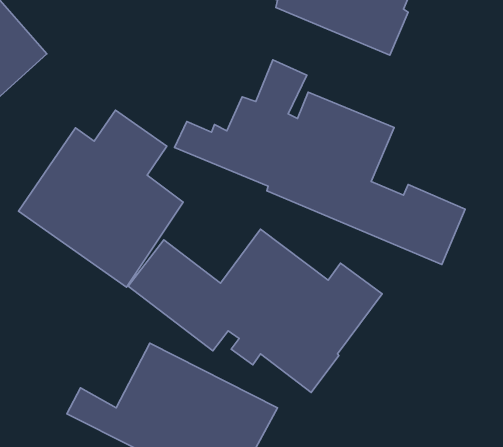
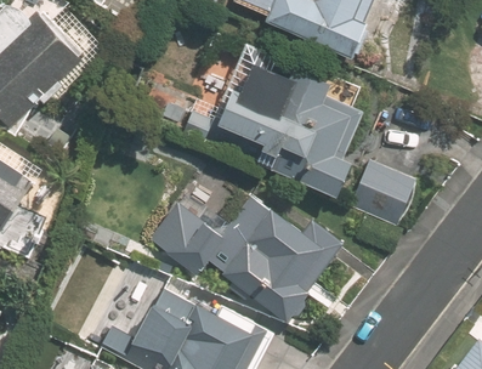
building: [19,110,183,287] -> none

